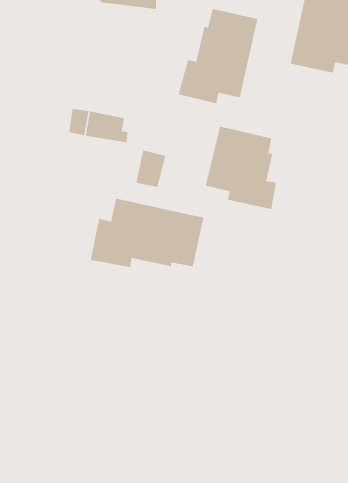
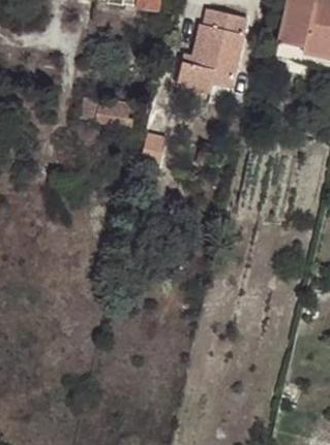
building: [205,126,276,210] -> none
building: [90,198,204,268] -> none

